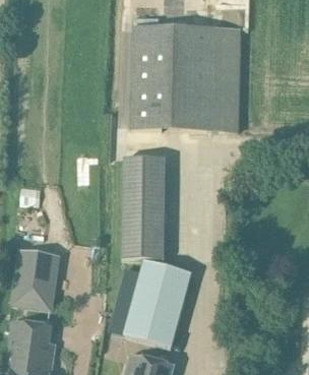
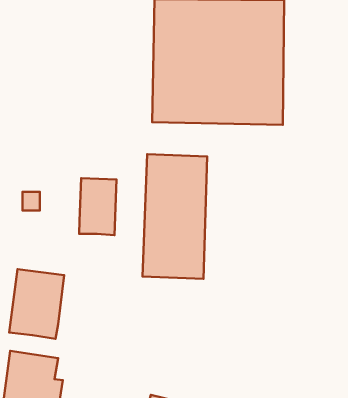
building: none -> [79,178,117,235]
building: [117,260,190,348] -> none

